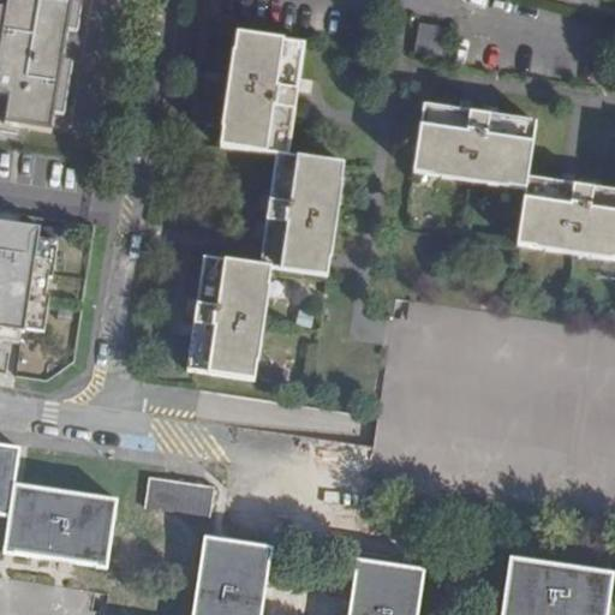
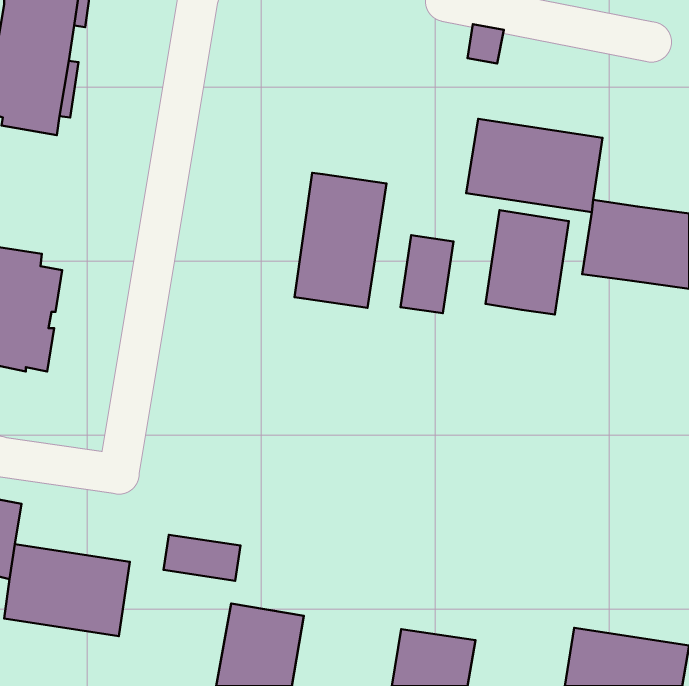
building: [221,35,304,155] -> none
building: none -> [485,210,569,315]
building: none -> [400,235,453,313]
building: [189,256,270,377] -> none

